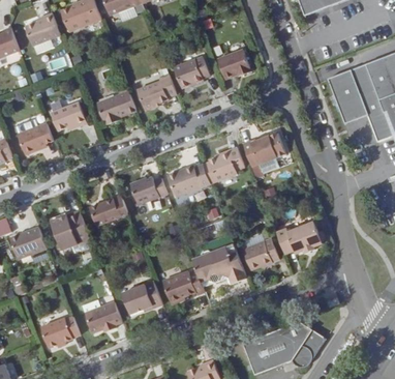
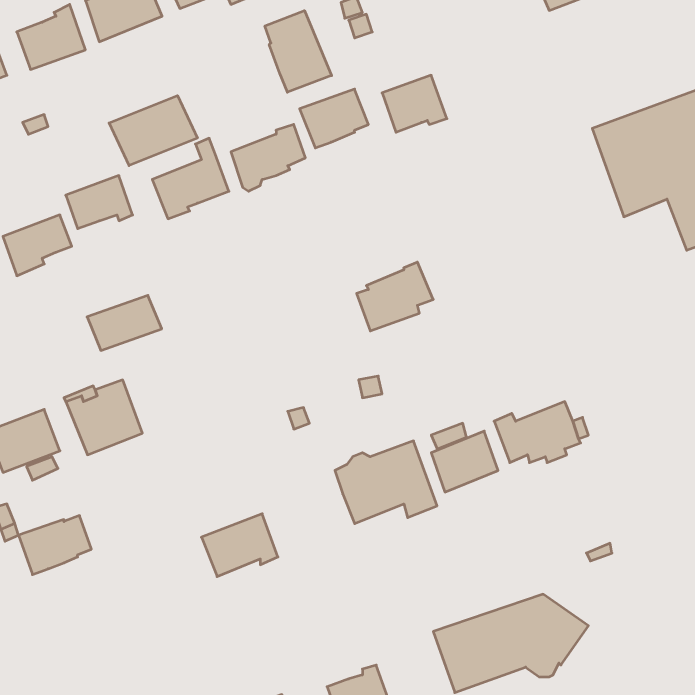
building: none -> [265,11,332,92]
building: none -> [109,96,197,166]
building: [243,134,285,167] -> none
building: [168,165,211,197] -> none
building: [131,178,168,204] -> none
building: [90,197,129,226] -> [87,295,162,350]
building: [163,270,205,300] -> none
building: [86,301,122,331] -> none
building: [41,316,80,347] -> [19,516,91,575]

